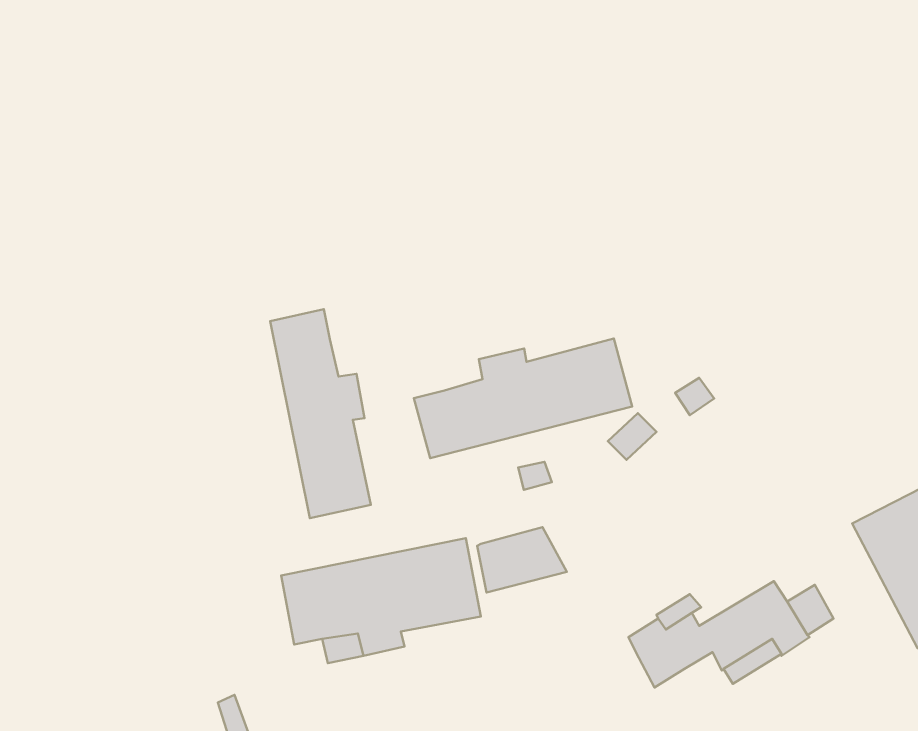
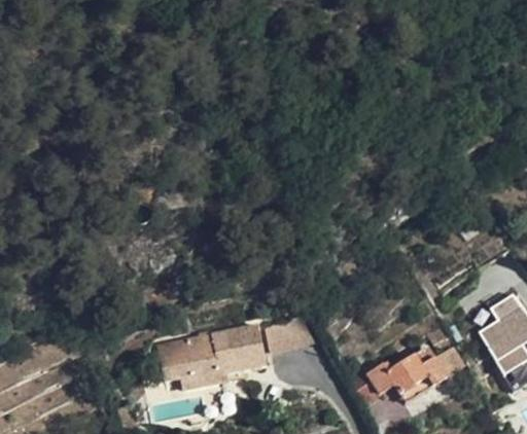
building: [270,309,371,518] -> none
building: [414,339,632,458] -> none

